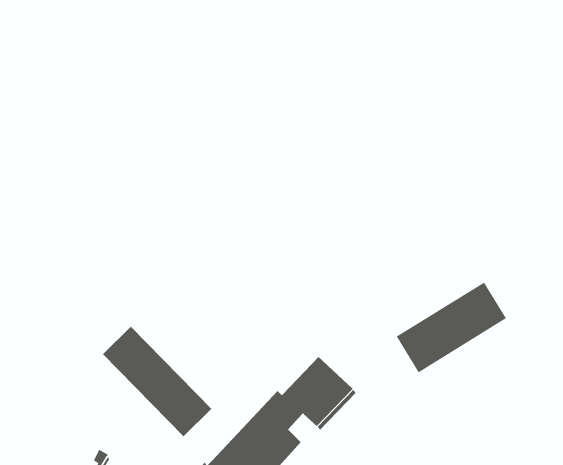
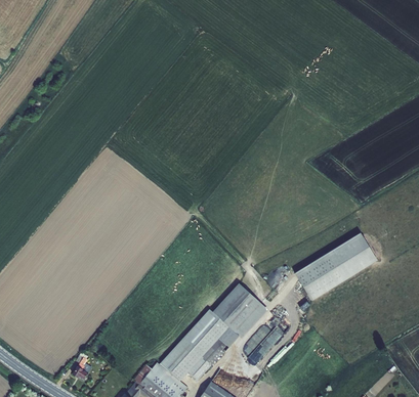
building: [102,326,212,437] -> none

